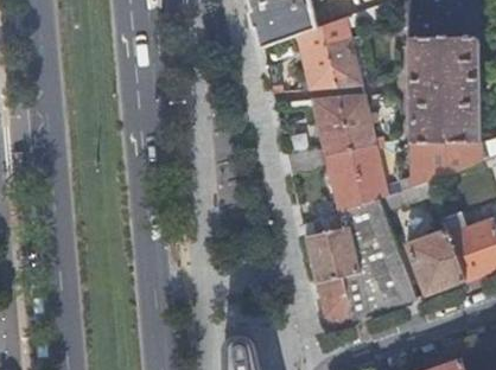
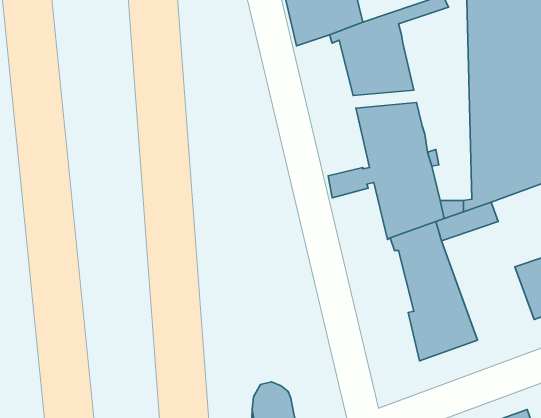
building: [304,212,367,326] -> none
building: [407,232,465,296] -> none

